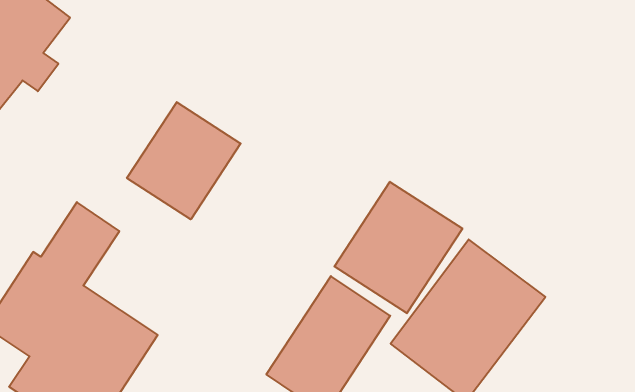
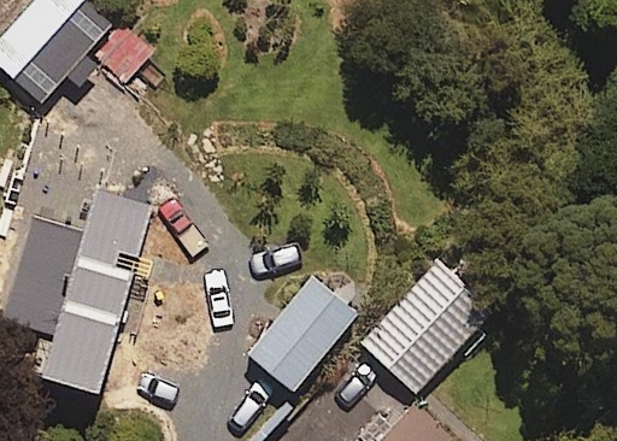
building: [127,102,241,219] -> none
building: [334,182,462,313] -> none

